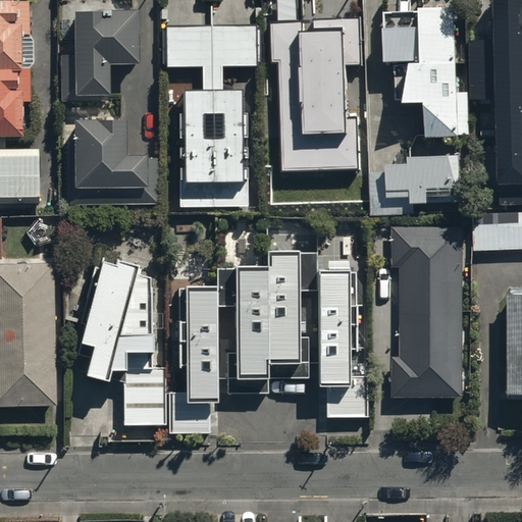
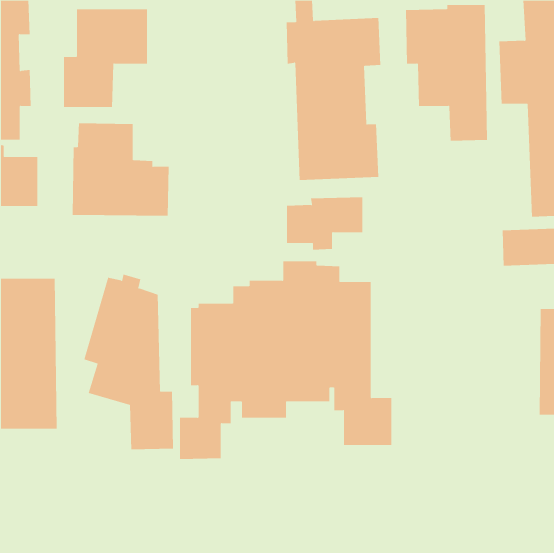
building: [166,28,257,207] -> none
building: [385,153,458,203] -> [286,197,363,250]
building: [392,225,462,396] -> none

